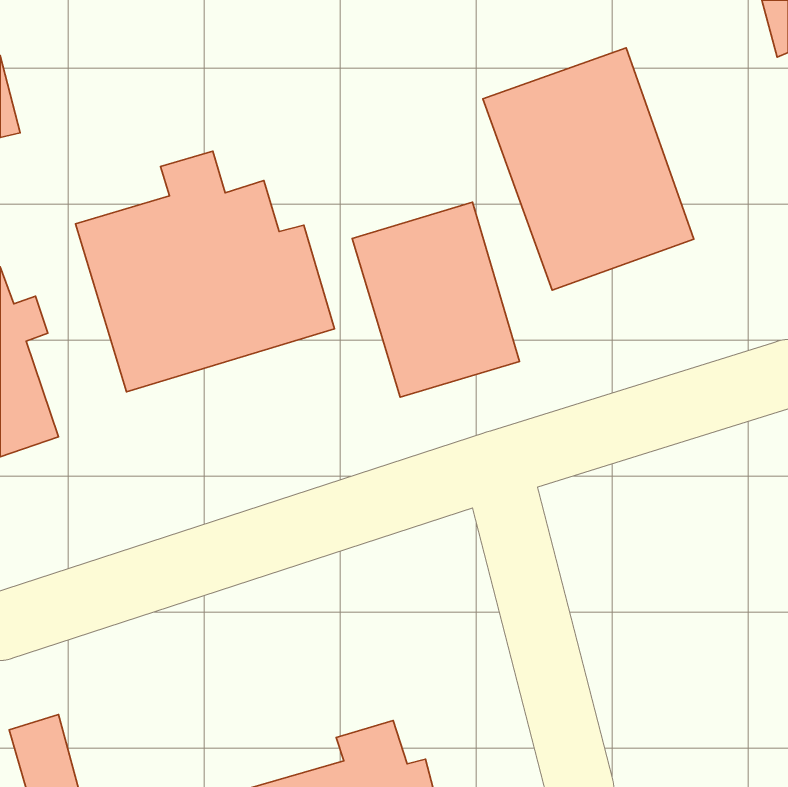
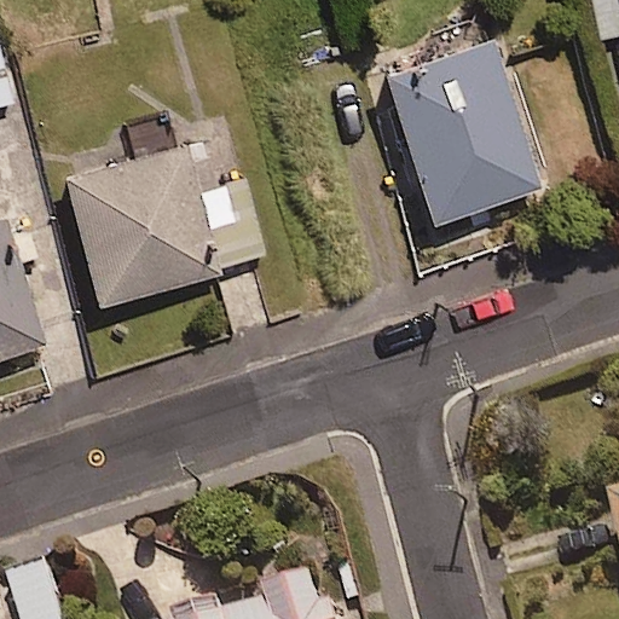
building: [352,202,519,397] -> none

